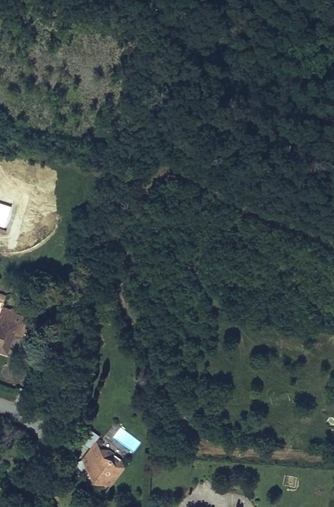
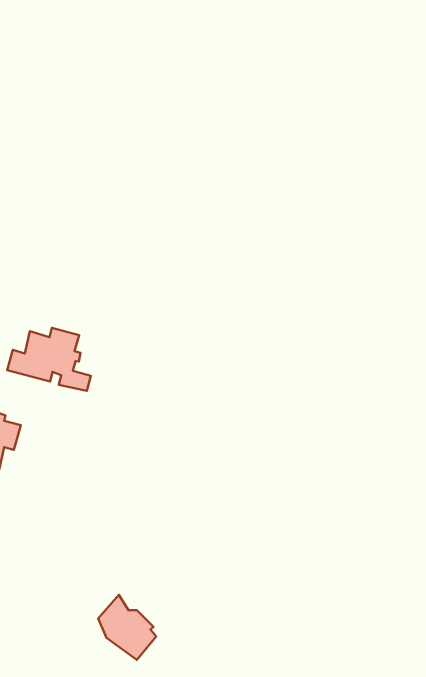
building: none -> [7,328,91,391]

